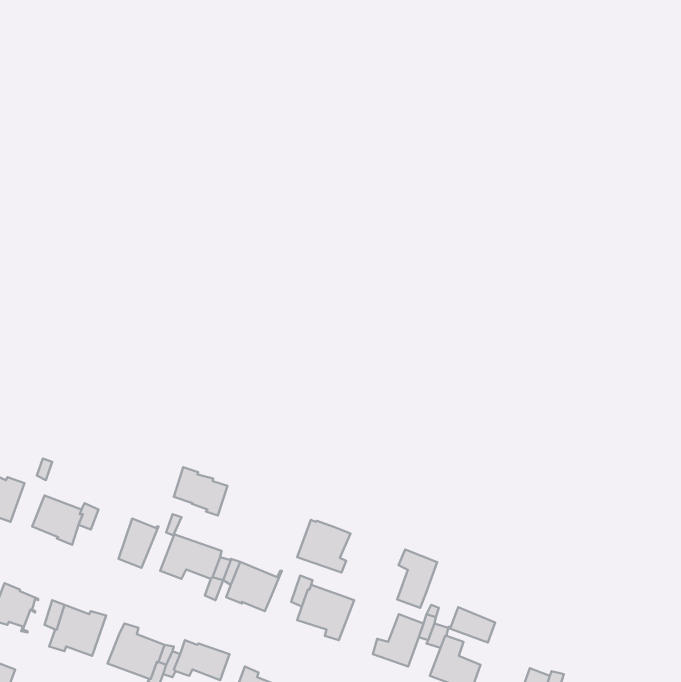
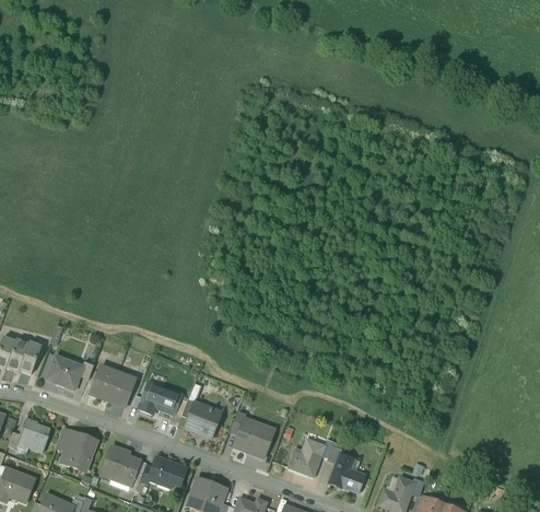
building: [174,467,227,516] -> none
building: none -> [90,363,117,399]
building: [297,520,350,572] -> none
building: [397,550,437,608] -> none
building: [448,607,495,642] -> none

